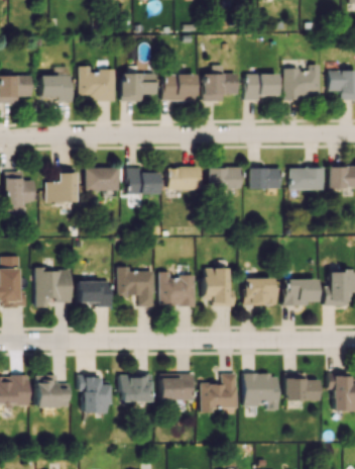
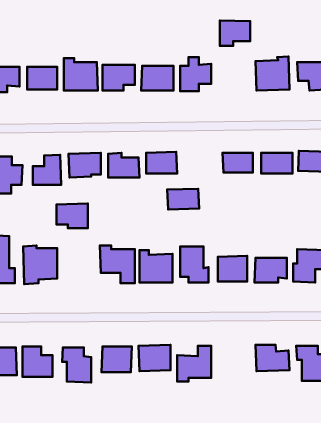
building: [246,74,278,101] -> [220,20,250,46]
building: [208,167,242,189] -> [167,189,199,210]
building: [79,281,112,307] -> [57,204,88,228]
building: [243,374,278,410] -> none

